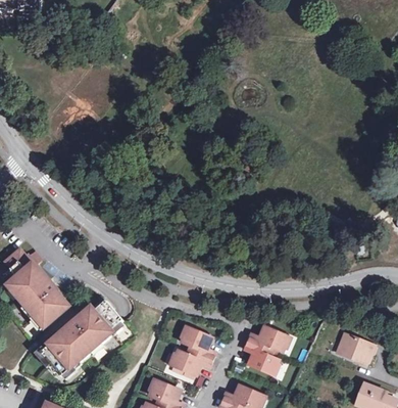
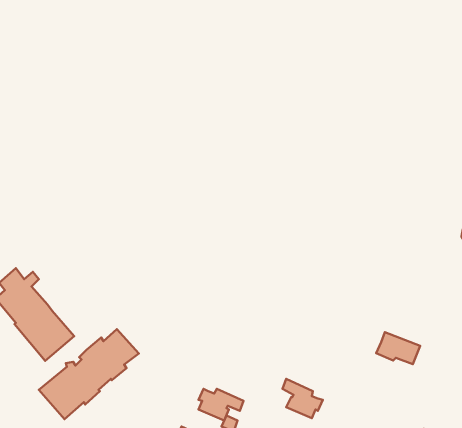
building: [247,326,285,352] -> none
building: [181,328,215,360] -> none
building: [335,334,371,361] -> [376,332,420,364]

